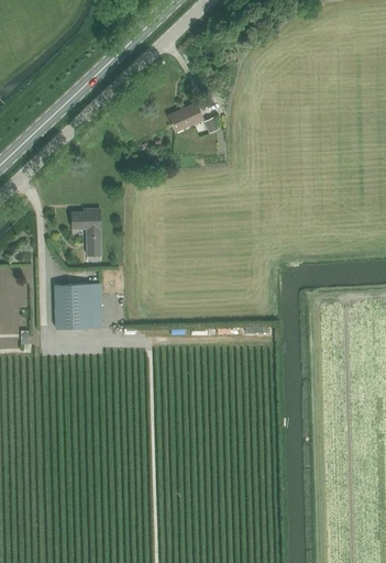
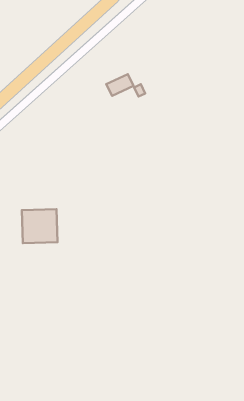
building: [71,209,101,256] -> none

